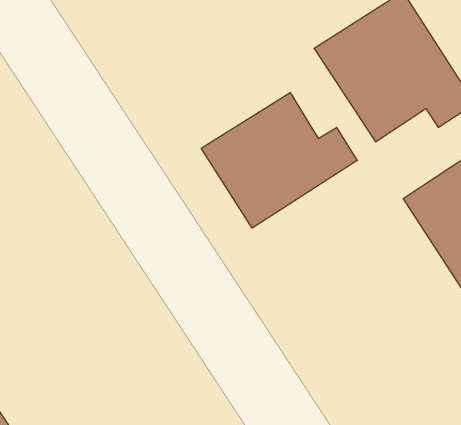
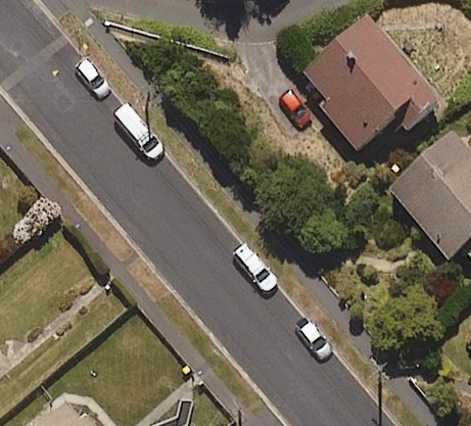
building: [201,93,357,228] -> none

